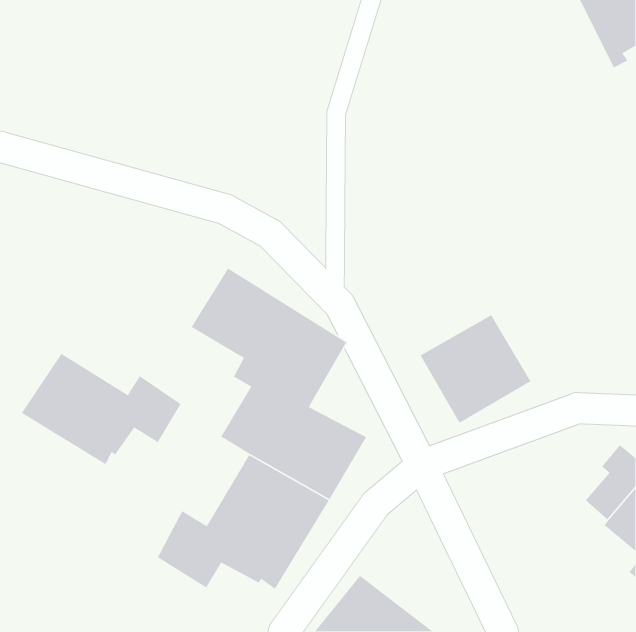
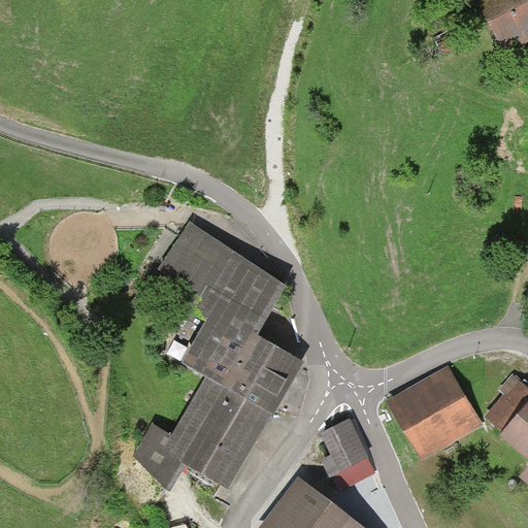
building: [419,314,531,424] -> [388,366,481,457]
building: [21,353,181,465] -> none
building: none -> [316,419,374,491]

